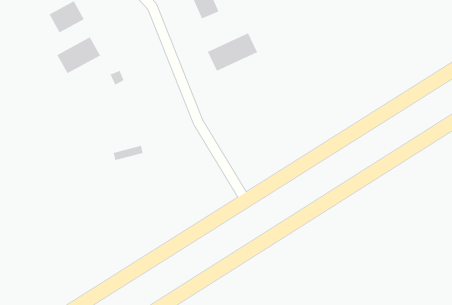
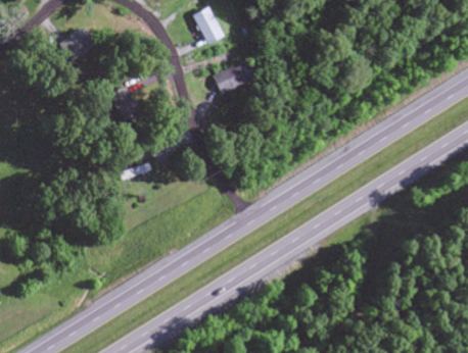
building: [56,36,101,74] -> none

